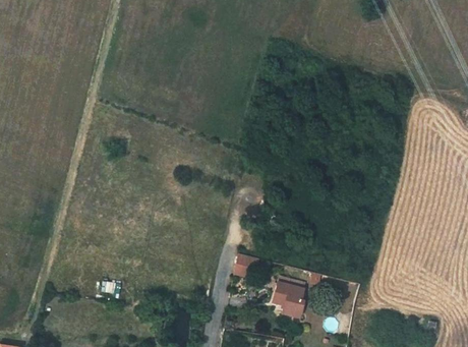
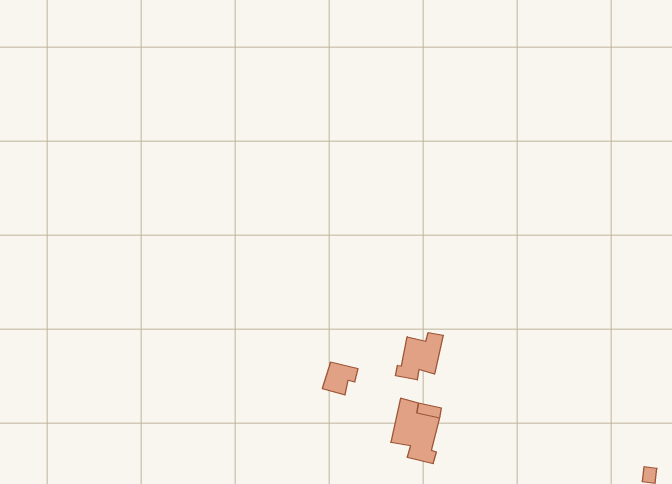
building: none -> [396,333,443,380]

